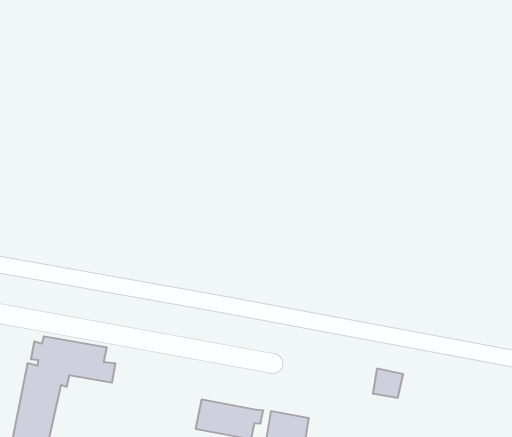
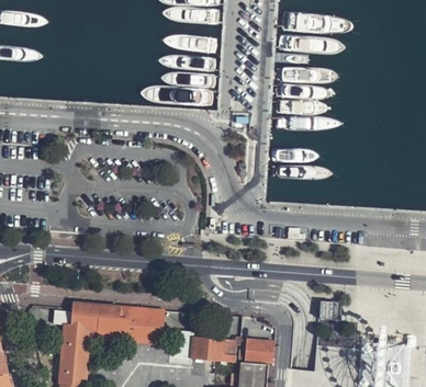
building: none -> [93,306,165,343]

